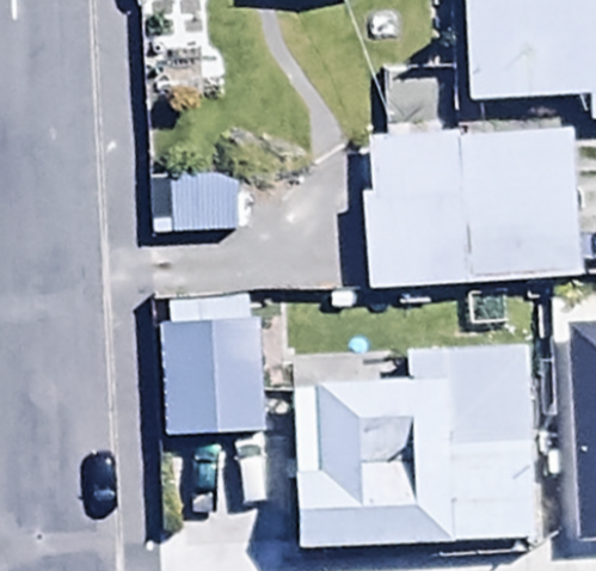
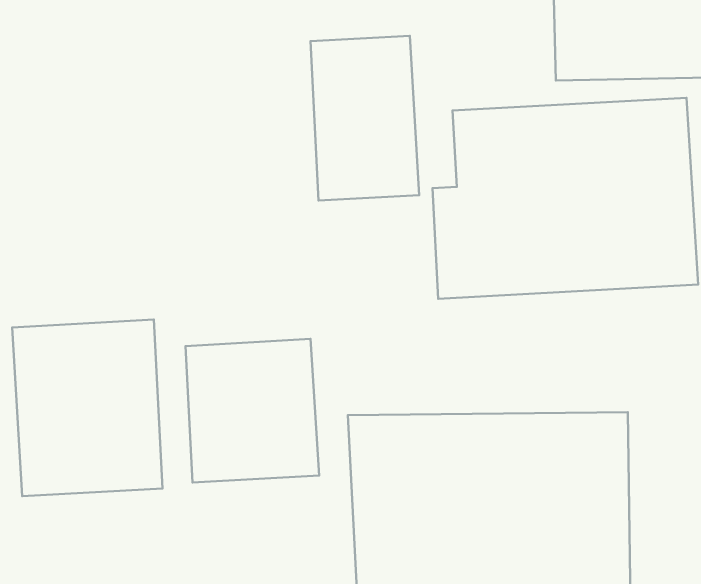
building: none -> [310,36,419,201]
building: none -> [12,319,163,496]

